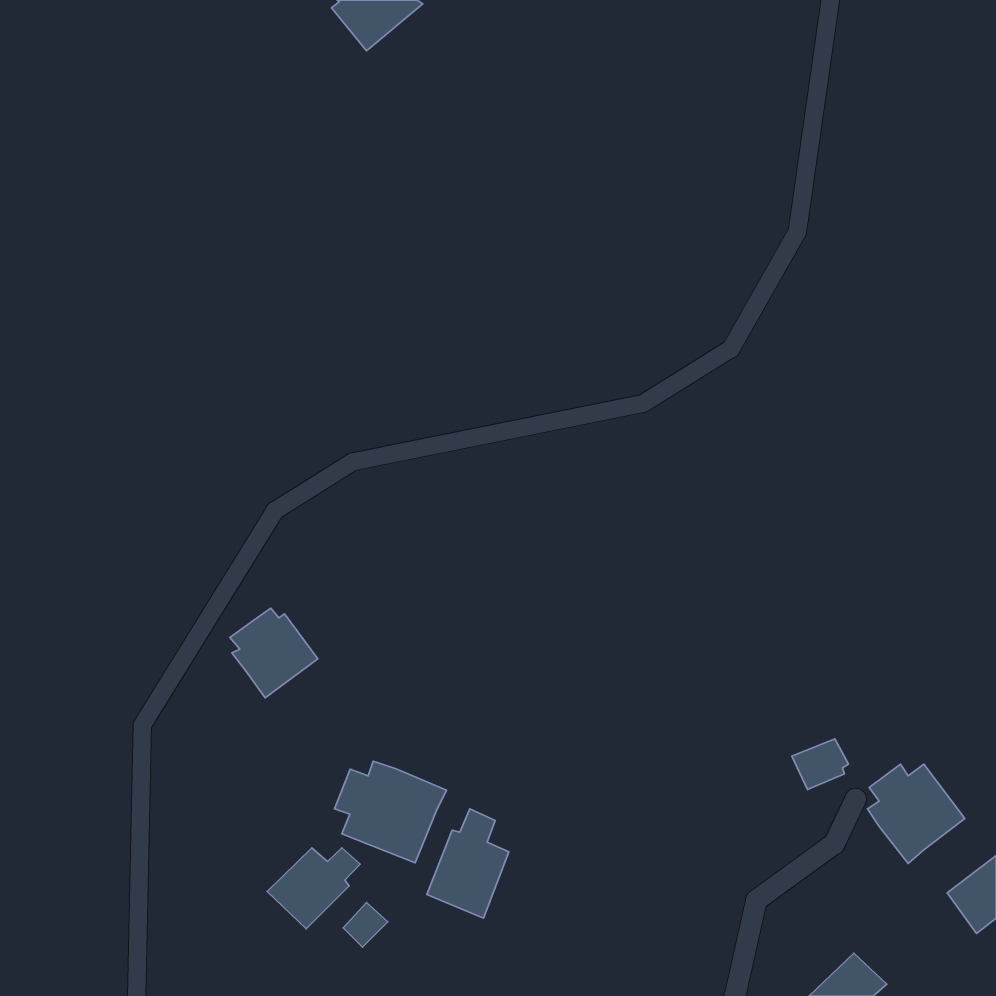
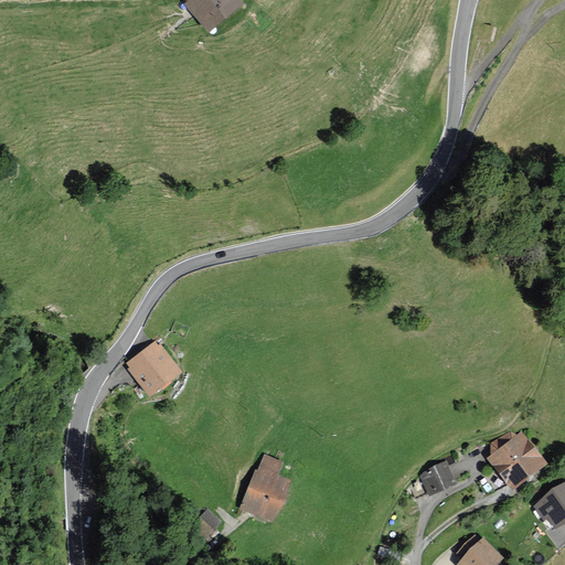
building: [792,739,848,789] -> [422,463,454,492]
building: [334,761,446,863] -> none
building: [267,848,360,929] -> none

